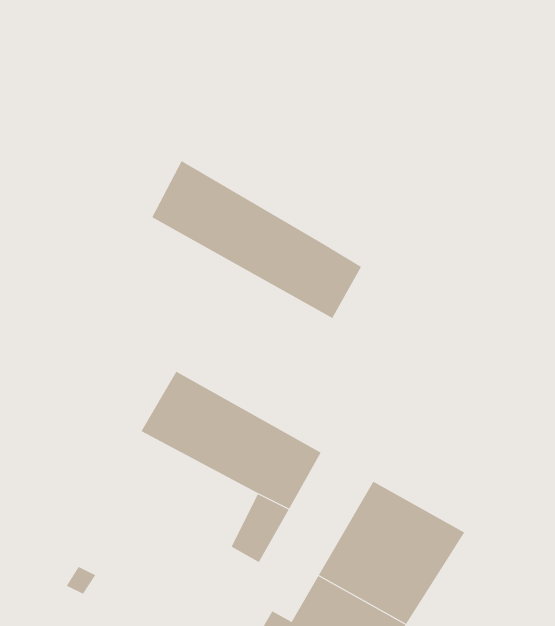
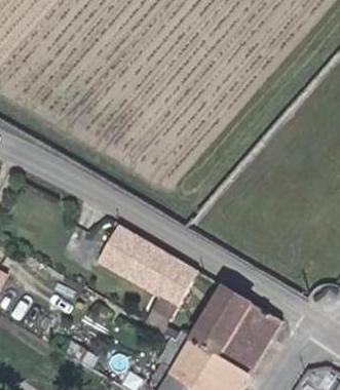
building: [152,160,362,319] -> none

